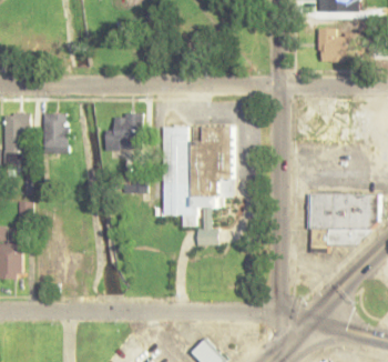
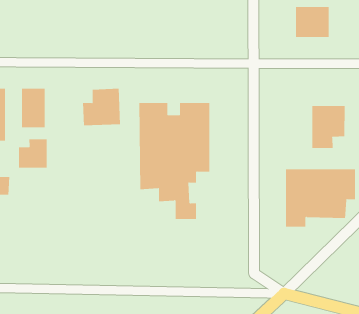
building: none -> [312,105,345,149]
building: none -> [18,139,47,169]

